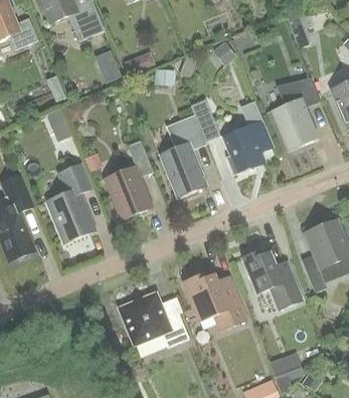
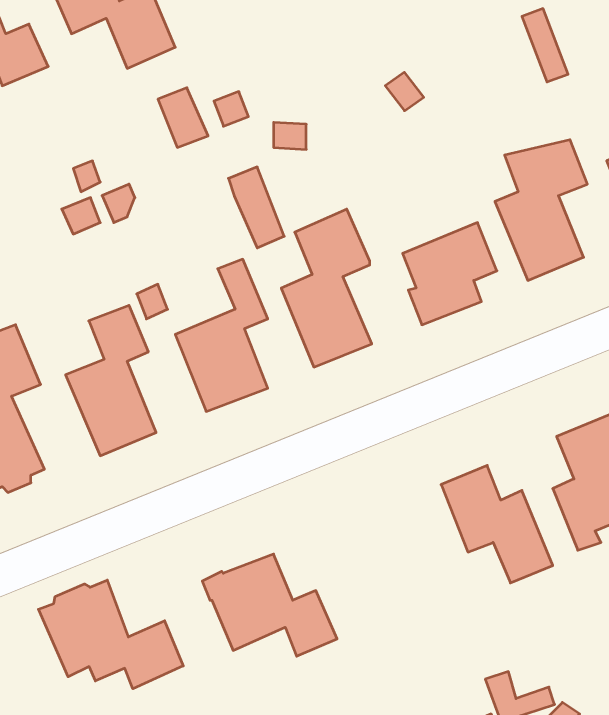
building: [191,98,220,141] -> [228,167,284,248]
building: [183,270,246,330] -> none
building: none -> [38,580,183,689]

